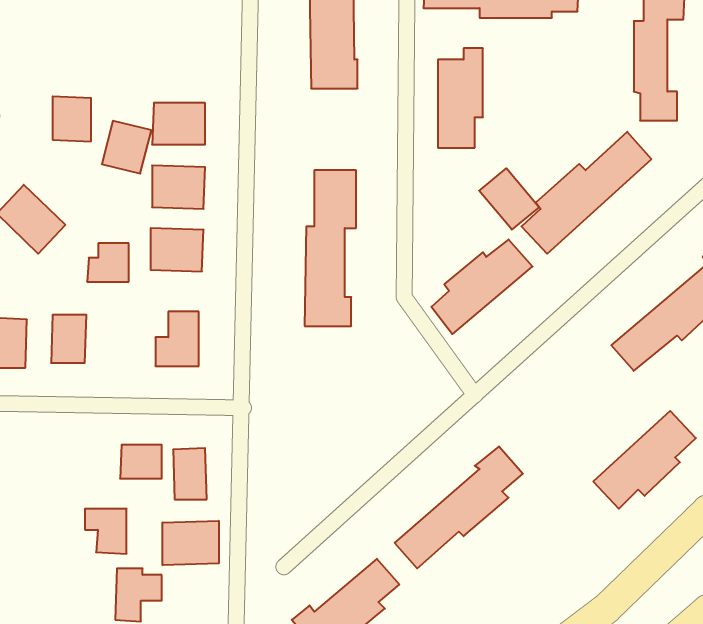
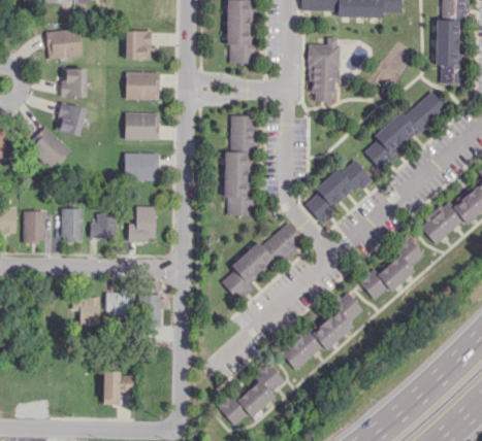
building: none -> [46,30,82,58]
building: none -> [125,31,152,60]
building: [102,121,151,174] -> [55,102,87,136]
building: [479,168,539,230] -> none
building: [87,243,129,282] -> [90,213,117,238]
building: none -> [221,222,304,299]
building: [593,411,696,509] -> [359,237,425,300]
building: [85,509,127,554] -> [72,297,99,326]
building: [163,521,219,565] -> none

